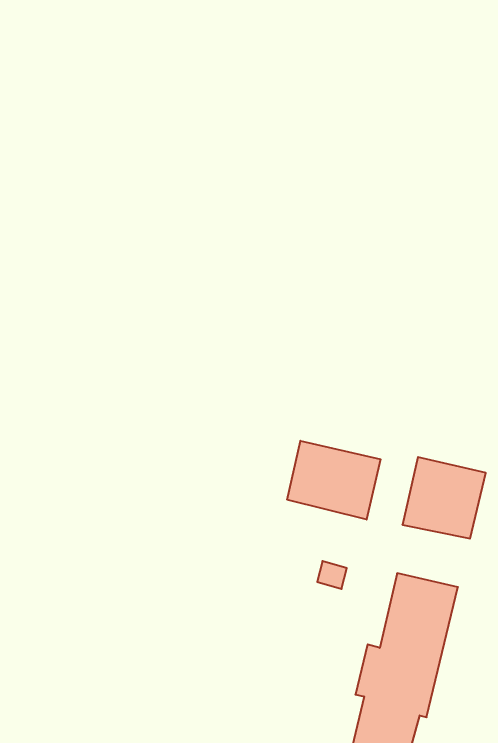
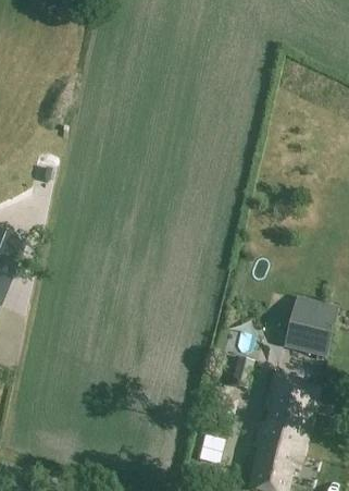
building: [287,441,381,520] -> none

